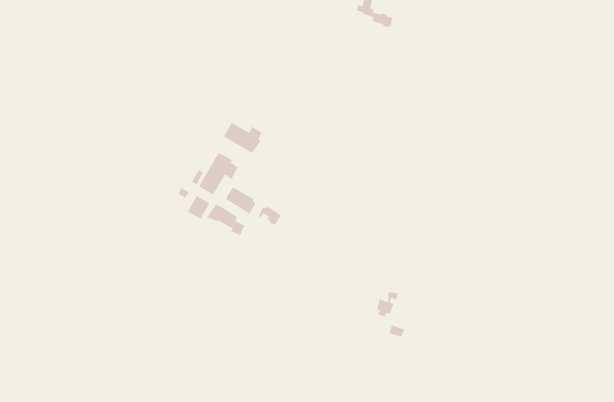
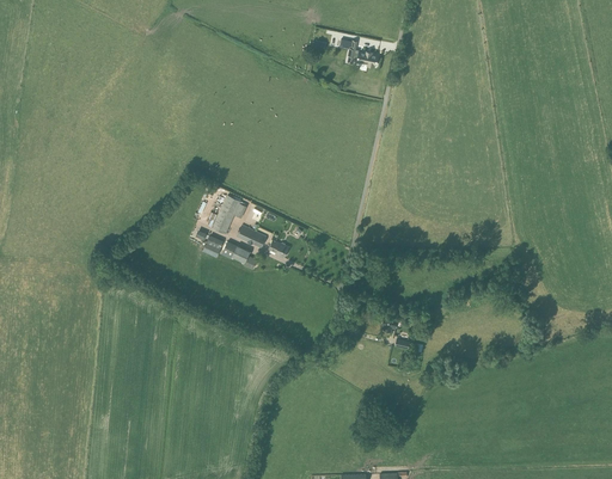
building: [223,122,262,154] -> none

